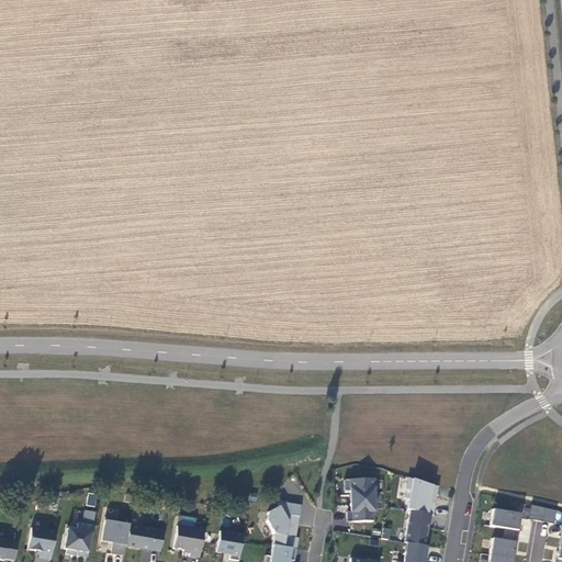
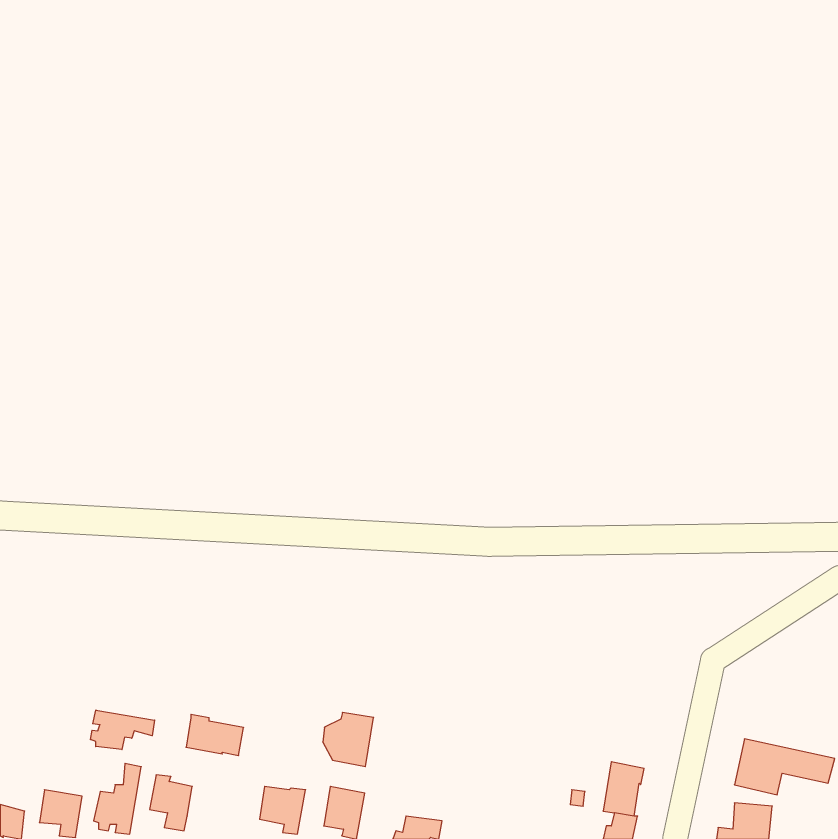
building: [405,474,438,514] -> none
building: none -> [90,710,155,750]
building: [345,479,375,521] -> none
building: [267,502,301,538] -> [323,712,374,767]
building: [126,524,165,551] -> [186,714,244,756]

